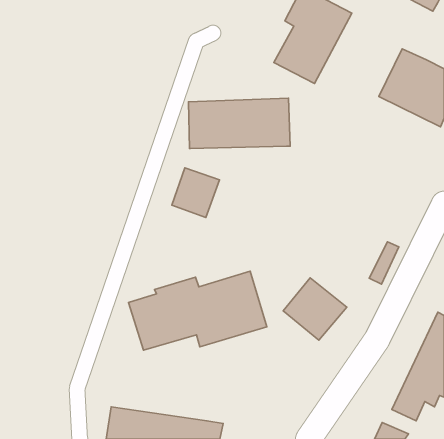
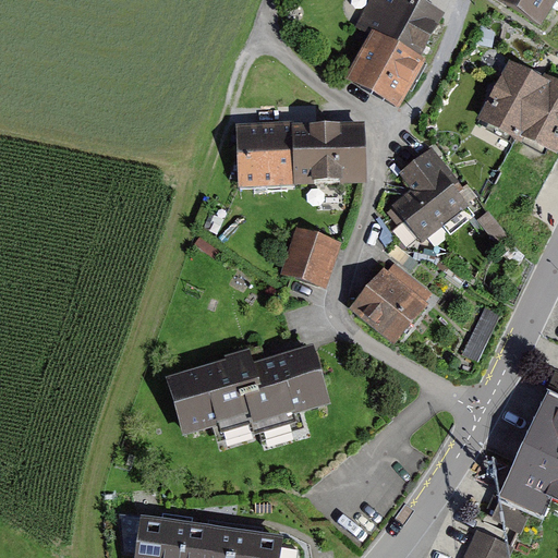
building: none -> [391,141,465,242]
building: [172,168,220,217] -> [280,227,340,289]
building: [283,278,347,340] -> [357,269,437,348]

